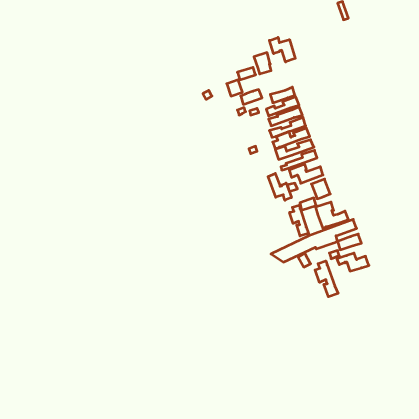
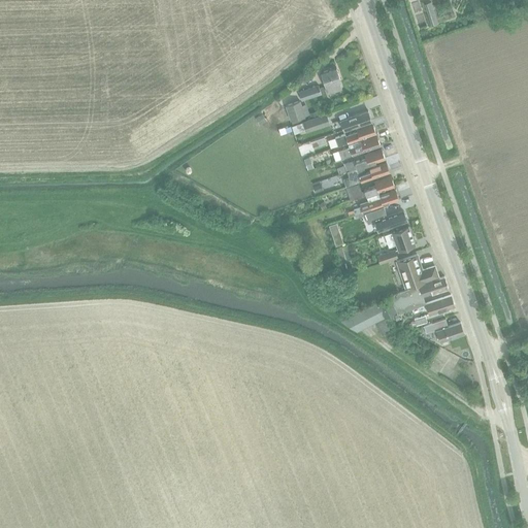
building: [269,37,295,62] -> none
building: [268,173,291,200] -> none
building: [290,205,309,236] -> none
building: [315,261,338,297] -> none

